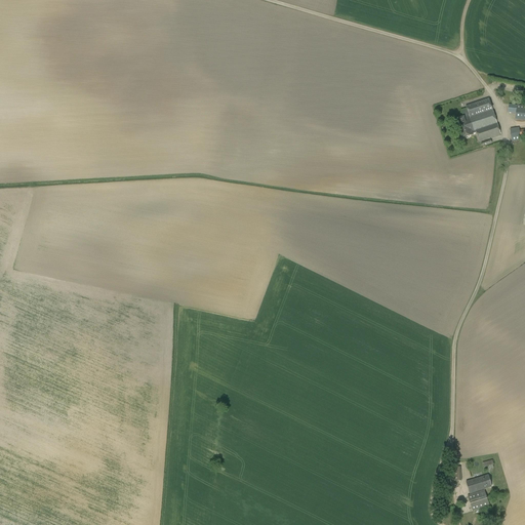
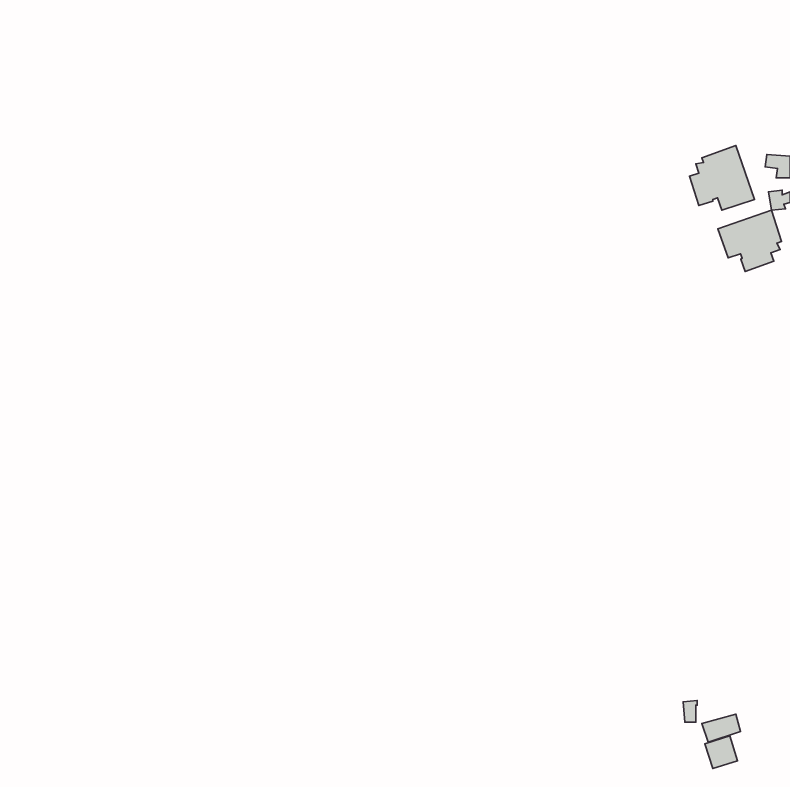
building: none -> [718,210,781,272]

